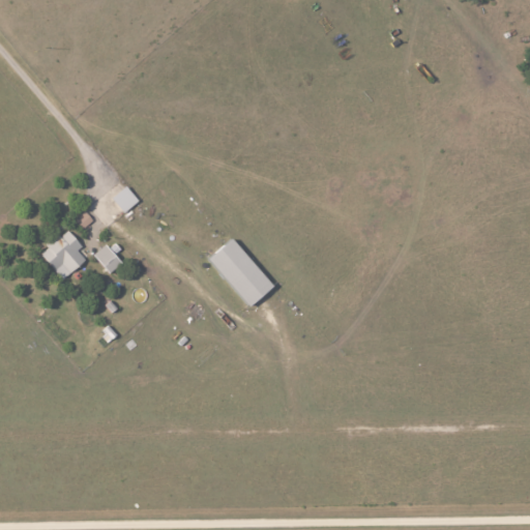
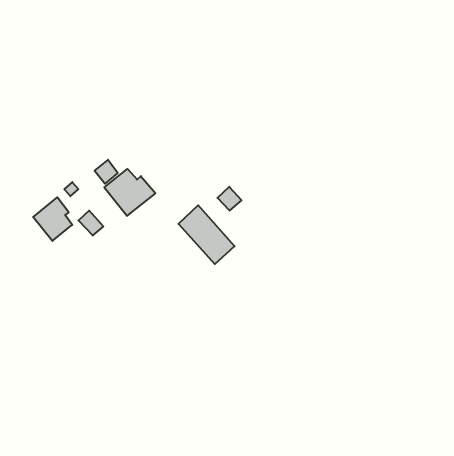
building: none -> [104,169,155,216]
building: none -> [217,187,241,211]

